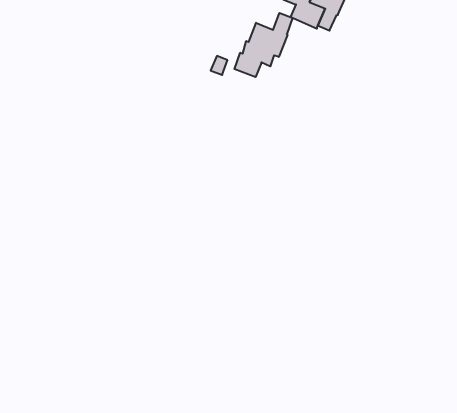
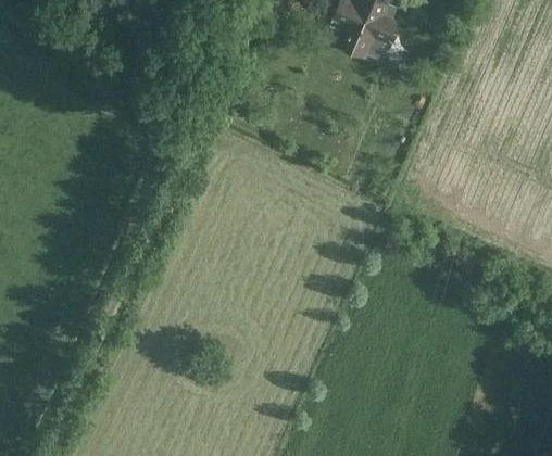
building: [234,13,293,77] -> none

